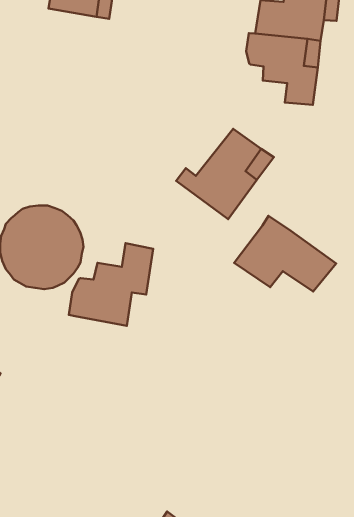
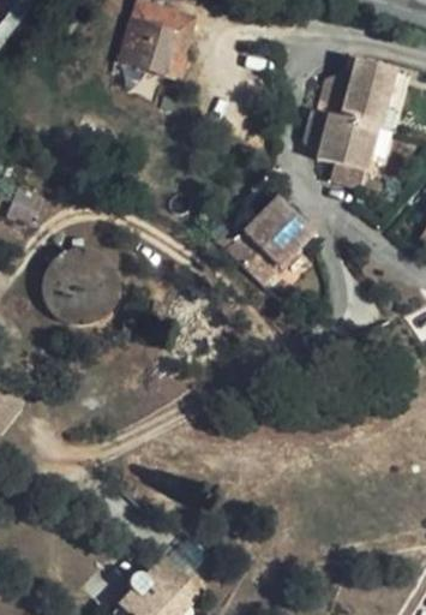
building: [234,216,336,292] -> none
building: [69,243,153,326] -> none

